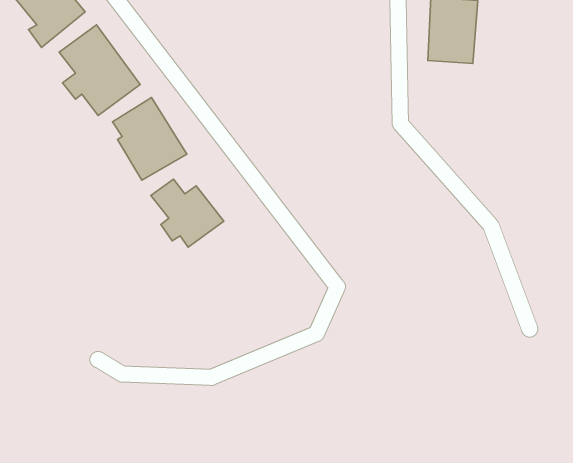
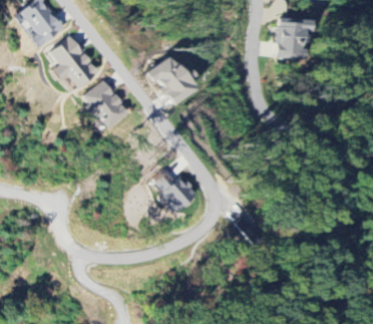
building: none -> [148,57,195,105]
building: [151,179,224,247] -> [152,170,198,212]

